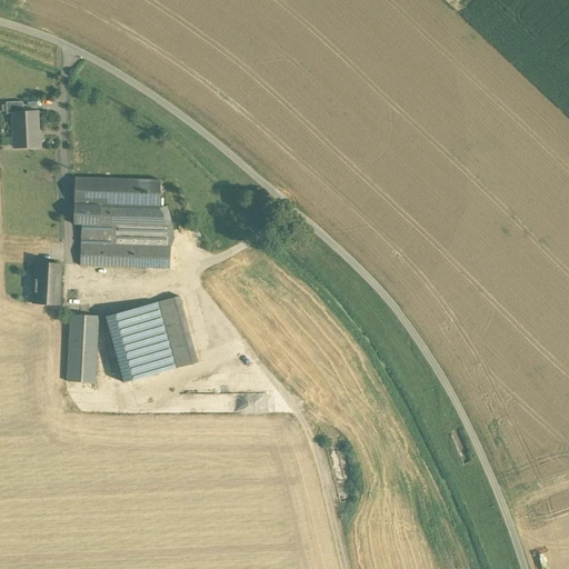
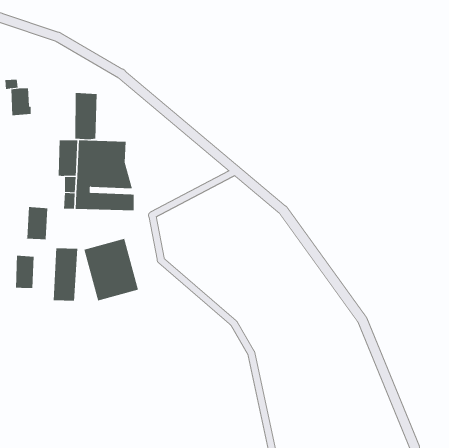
building: none -> [75,92,97,140]
building: [158,295,198,367] -> none
building: none -> [16,255,34,289]

